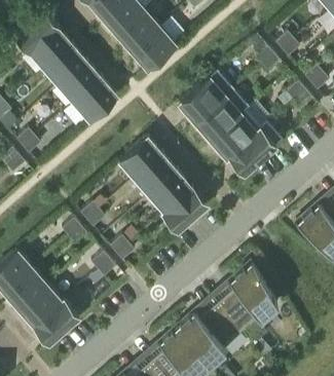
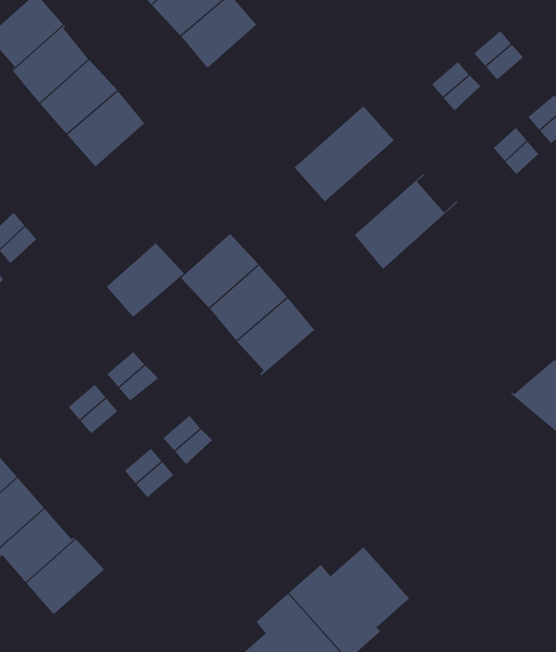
building: [133,28,175,69] -> none
building: [73,80,115,120] -> [106,242,185,318]
building: [195,89,248,140] -> none
building: [226,122,283,173] -> none
building: [161,190,203,231] -> none
building: [216,263,276,333] -> none

